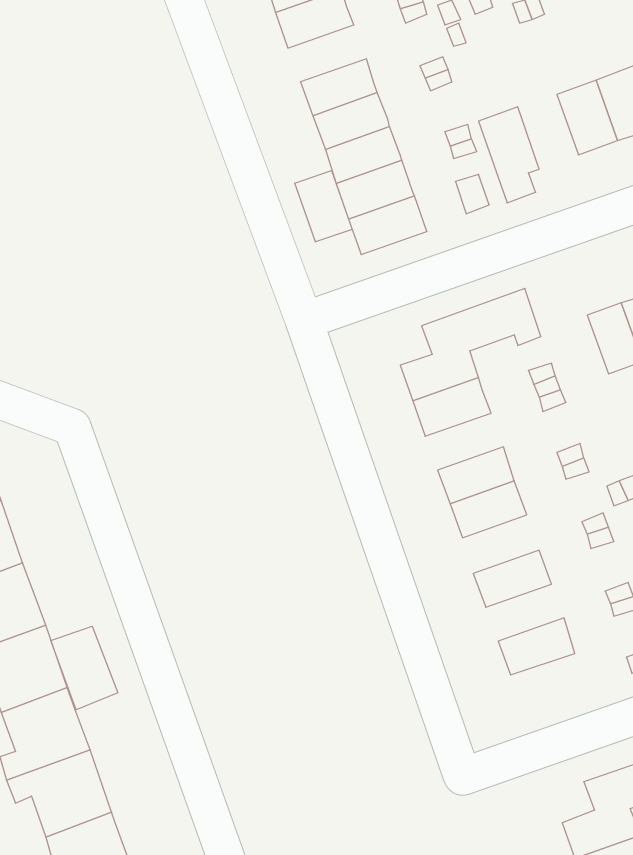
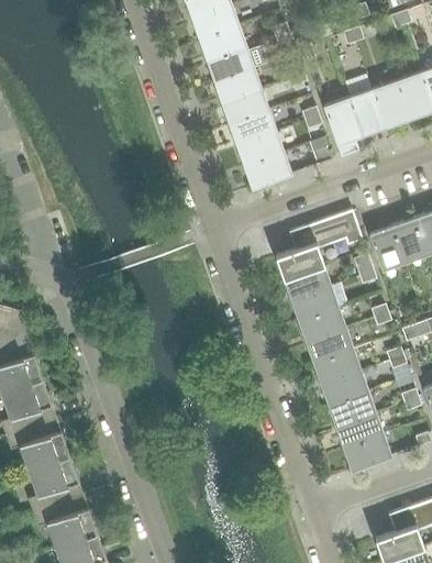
building: none -> [206,47,254,82]
building: none -> [347,90,385,136]
building: [295,171,352,242] -> none
building: none -> [368,227,403,271]
building: none -> [290,287,339,322]
building: none -> [313,350,361,386]
building: none -> [328,393,376,428]
building: [51,626,118,710] -> none
building: none -> [343,435,390,471]

